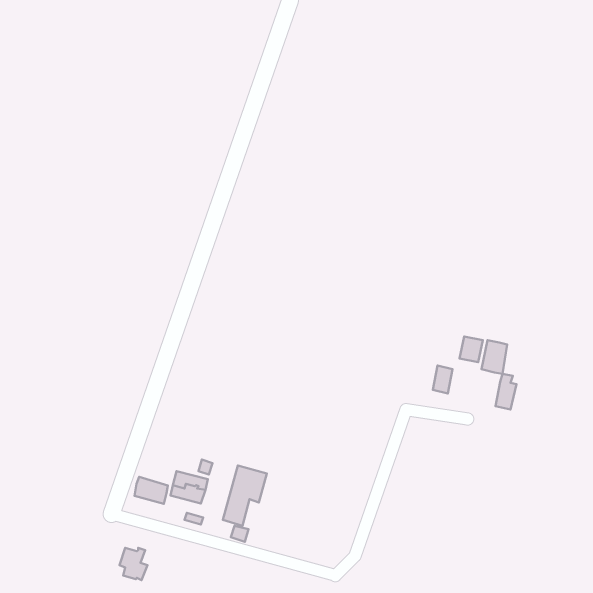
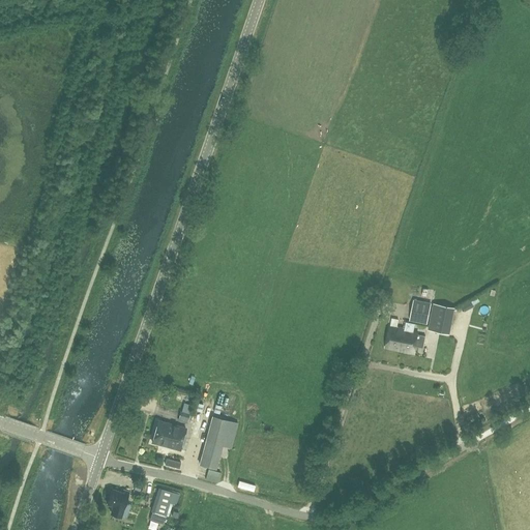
building: [496,374,516,410] -> [400,322,418,354]
building: [134,477,168,504] -> none
building: none -> [151,487,179,516]

